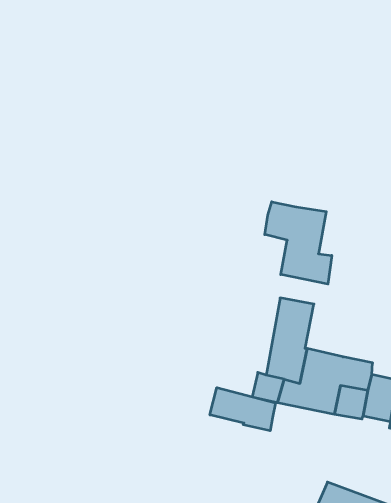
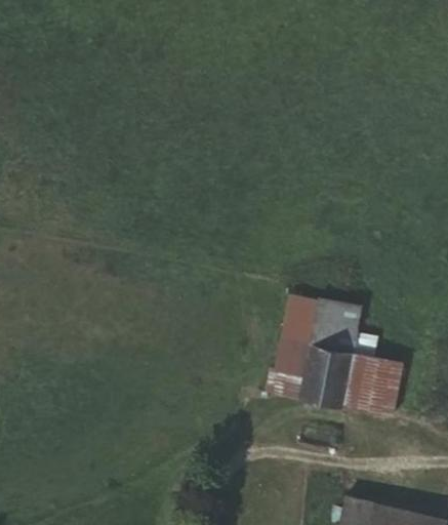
building: [265,202,332,284] -> none
building: none -> [317,307,359,356]
building: [210,388,276,431] -> none

